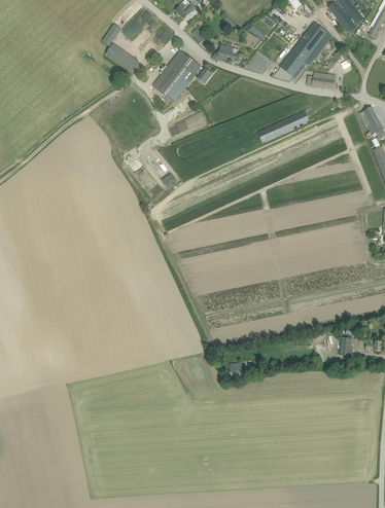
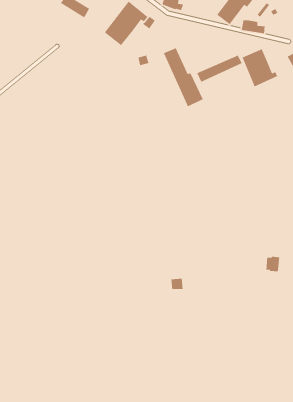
building: none -> [163,47,204,107]
building: none -> [241,48,278,88]

